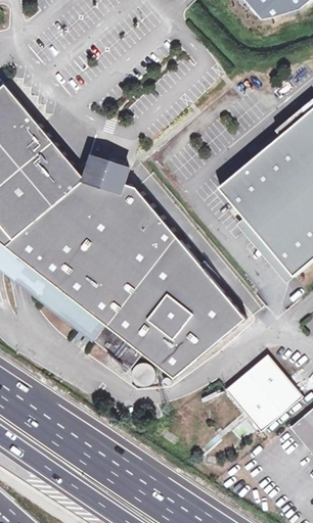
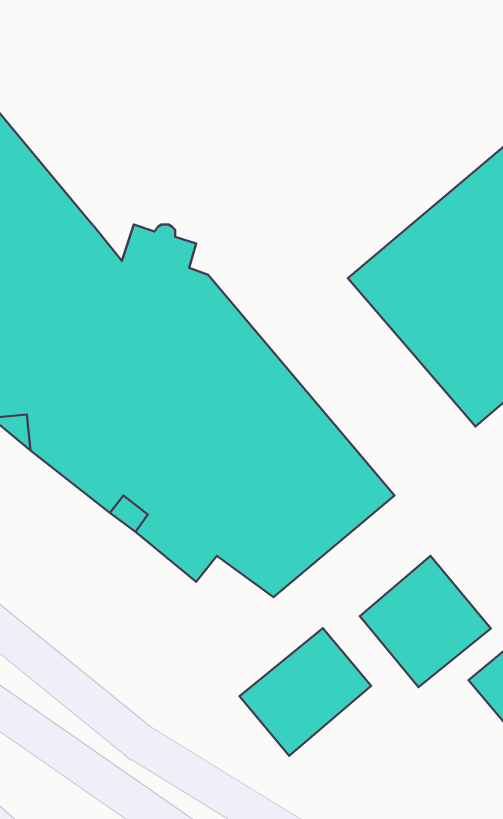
building: none -> [240,628,371,756]

